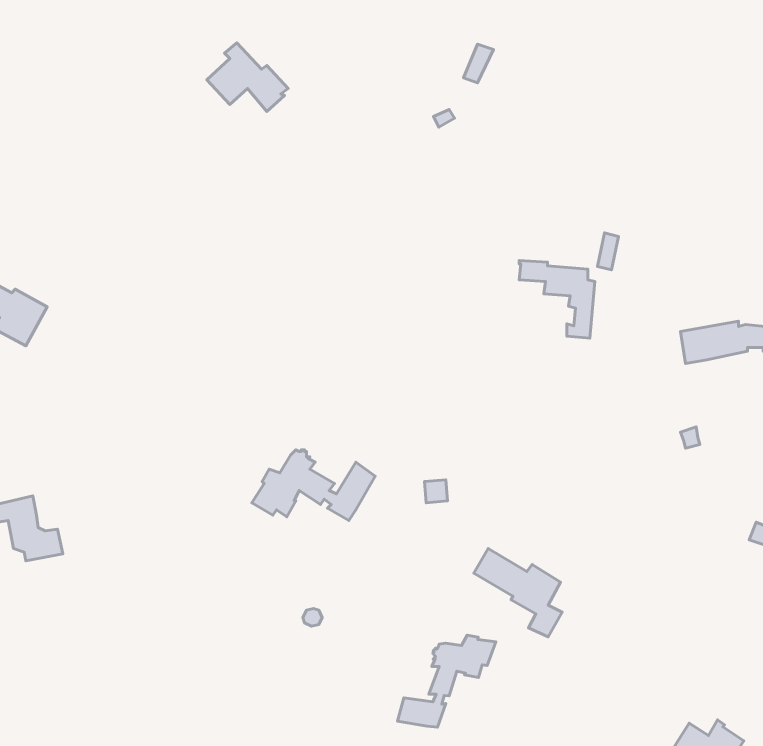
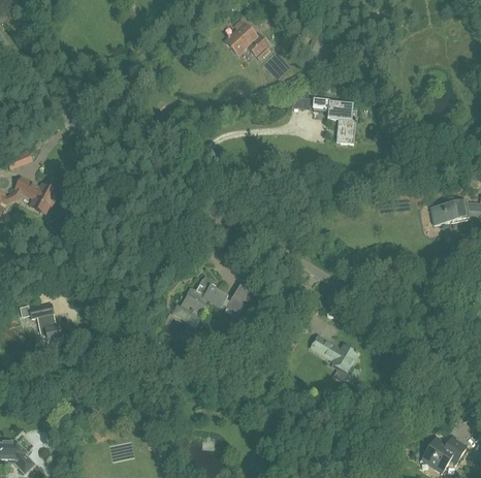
building: [207,43,288,112] -> [223,19,270,59]
building: [519,260,595,338] -> [312,98,356,144]
building: [397,635,496,727] -> none

